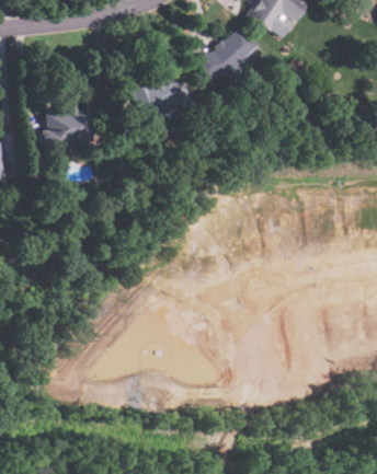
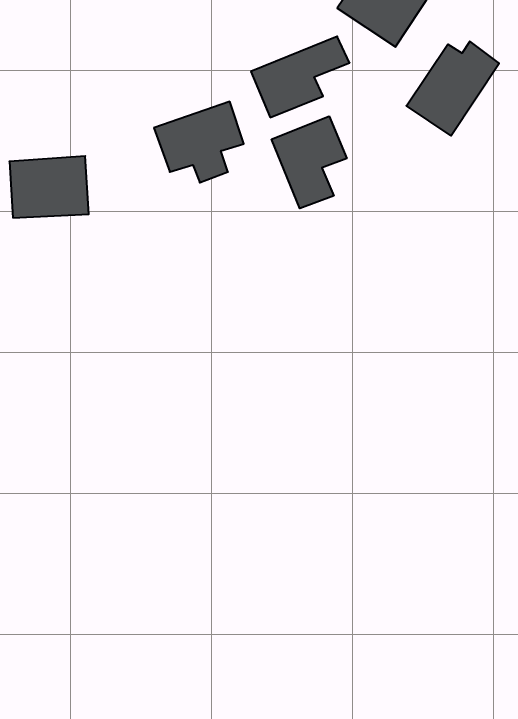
building: none -> [406,41,499,136]
building: none -> [272,116,347,208]

